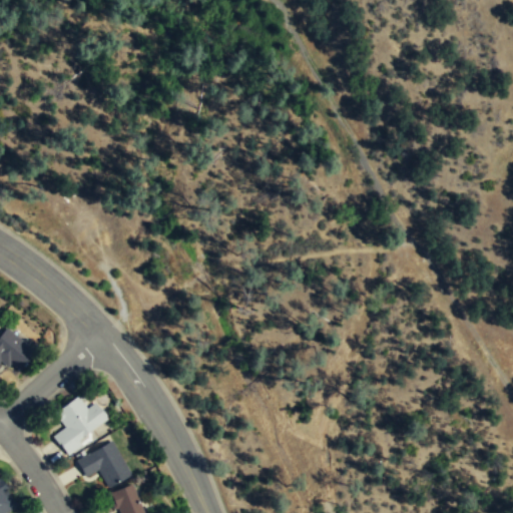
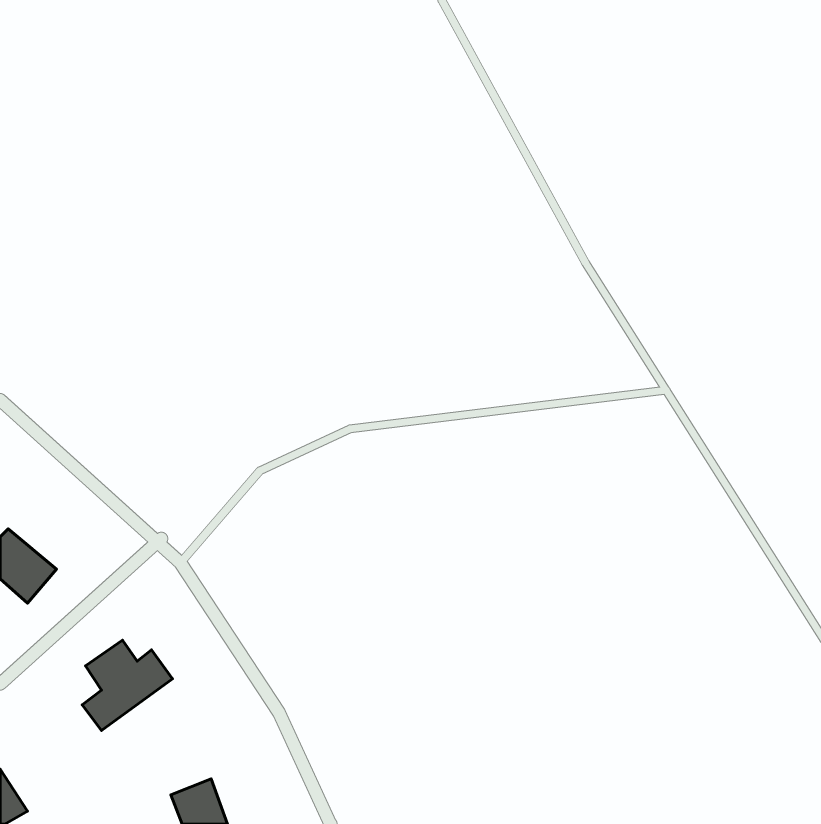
building: [77,441,131,488] -> none

